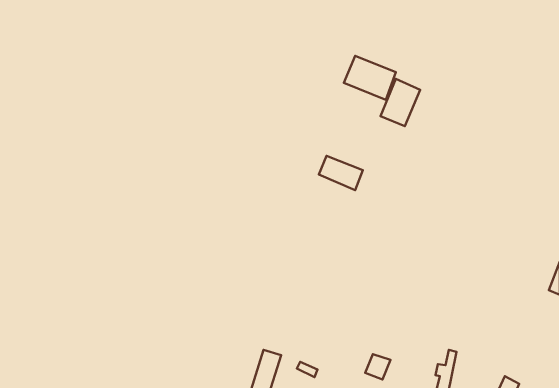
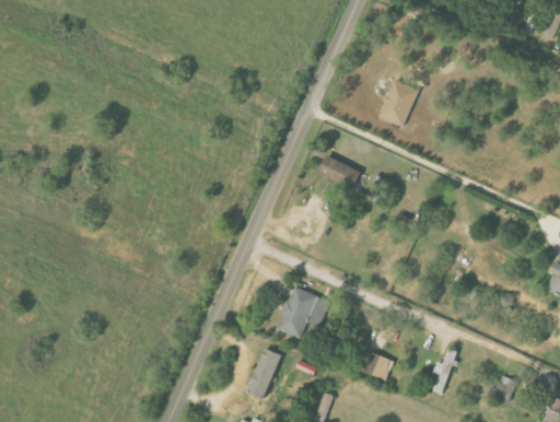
building: [344,56,396,100] -> none
building: none -> [277,286,330,339]

